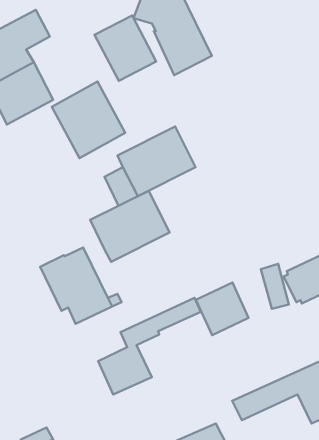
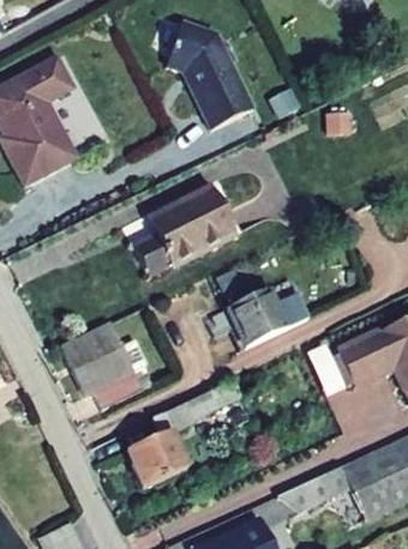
building: [95,16,156,81] -> none
building: [52,82,125,158] -> none
building: [90,191,170,262] -> none
building: [196,283,248,335] -> [227,288,286,346]

